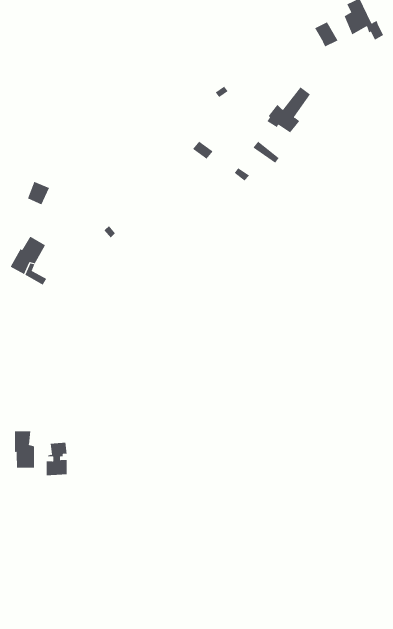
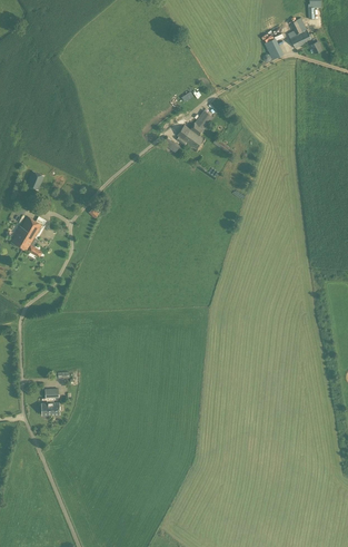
building: [267,86,311,133] -> [176,110,212,149]
building: [14,430,35,469] -> none

